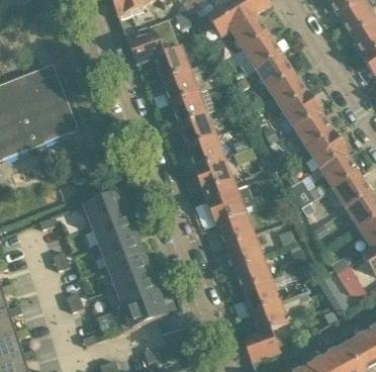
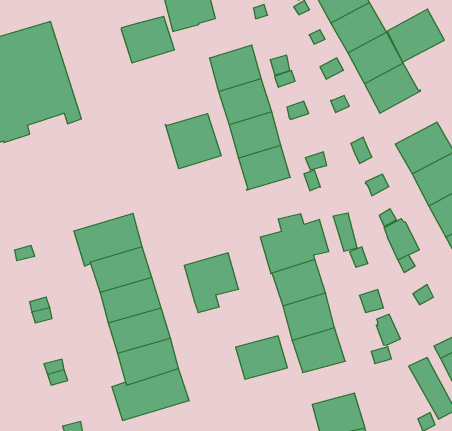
building: [153,45,190,79] -> [121,16,174,63]
building: [281,90,320,127] -> [387,9,444,62]
building: none -> [165,114,221,169]
building: [194,156,232,198] -> [184,253,239,313]
building: [243,278,279,309] -> [236,336,287,379]

